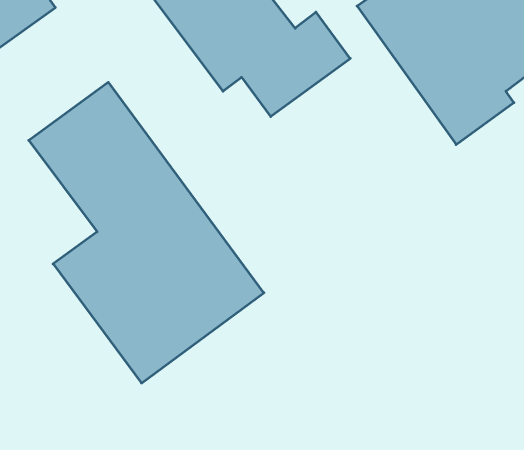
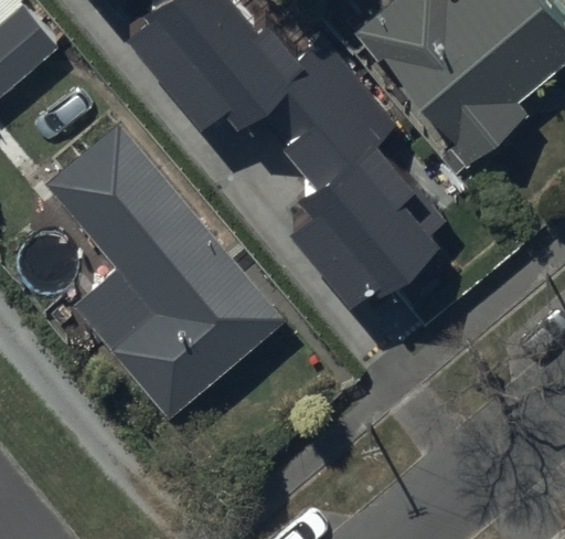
building: none -> [280,81,444,294]

